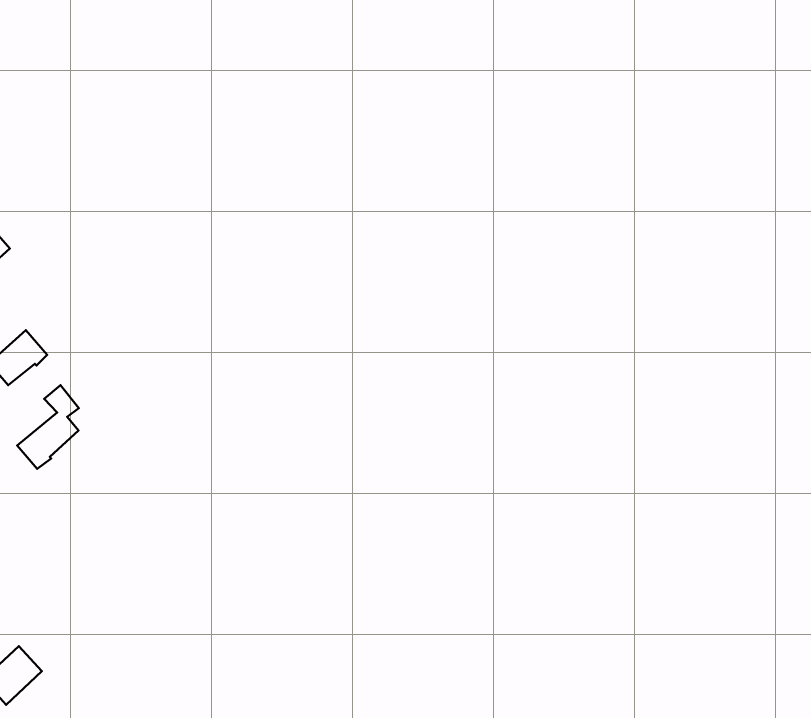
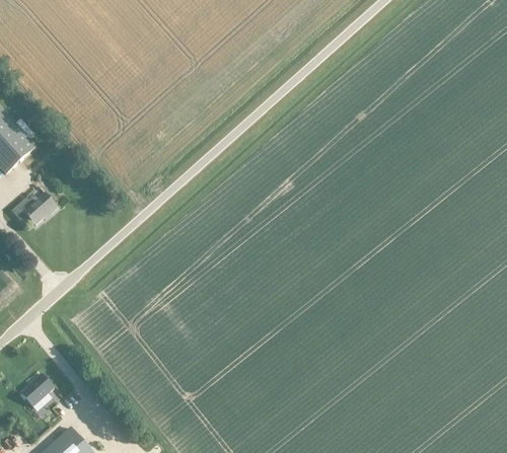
building: [17,385,79,469] -> none

